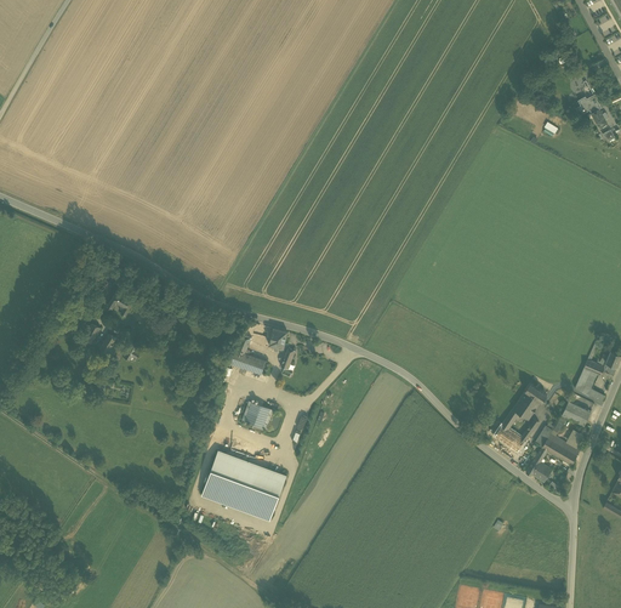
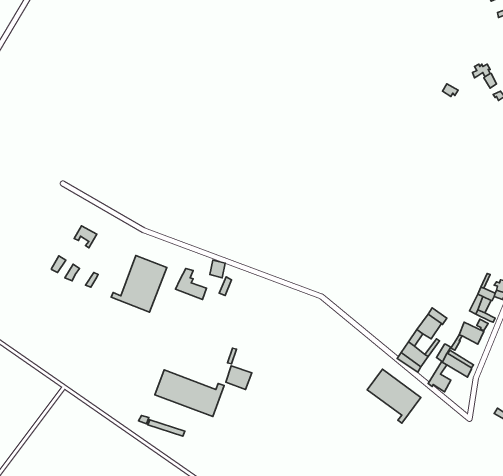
building: none -> [111,256,167,312]
building: [244,400,274,428] -> [226,366,252,390]
building: none -> [367,369,421,423]

